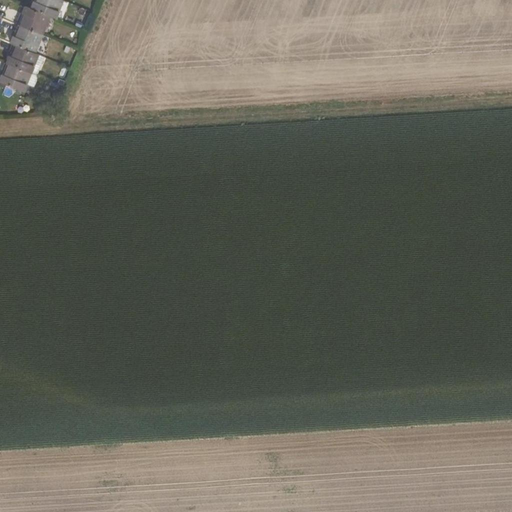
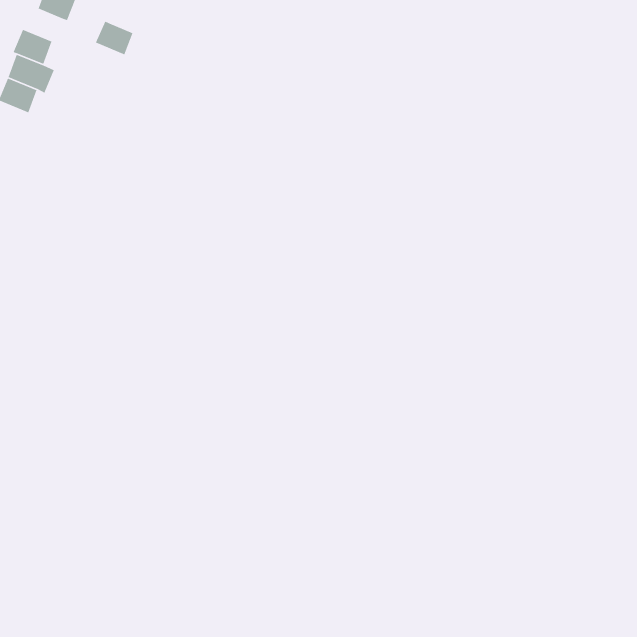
building: [18,5,49,33] -> [95,20,134,55]

